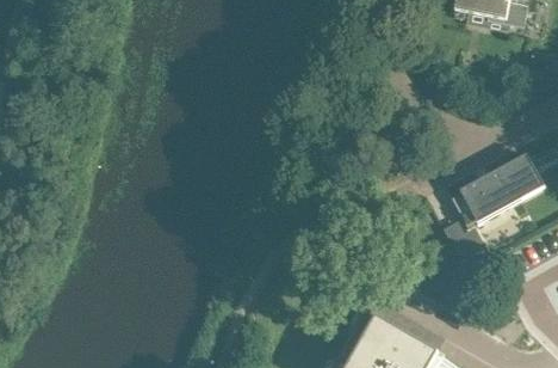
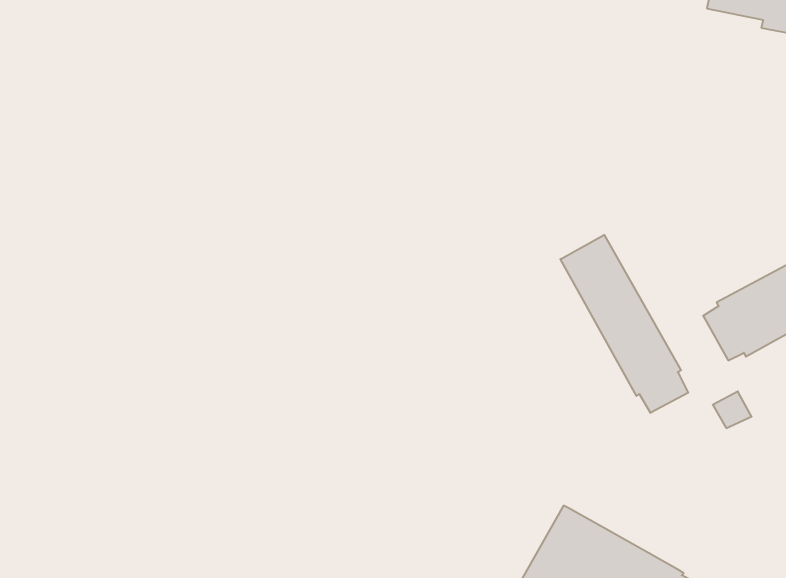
building: none -> [560,235,688,413]

